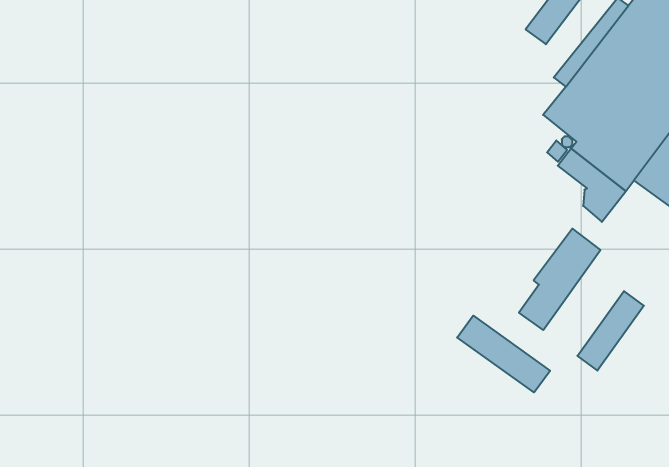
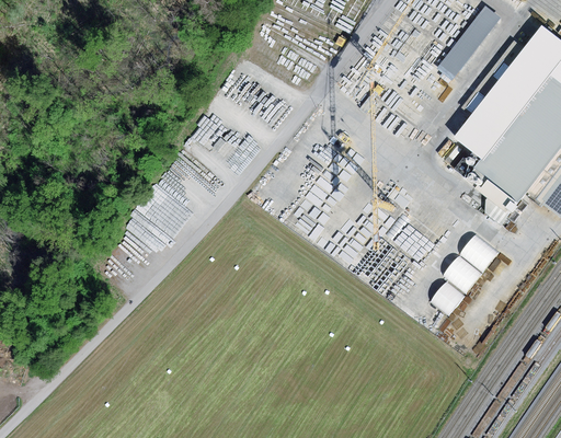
building: [577,291,644,371] -> none
building: [457,316,550,392] -> none

